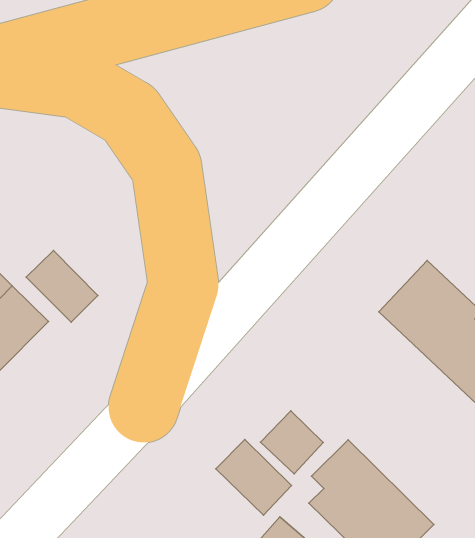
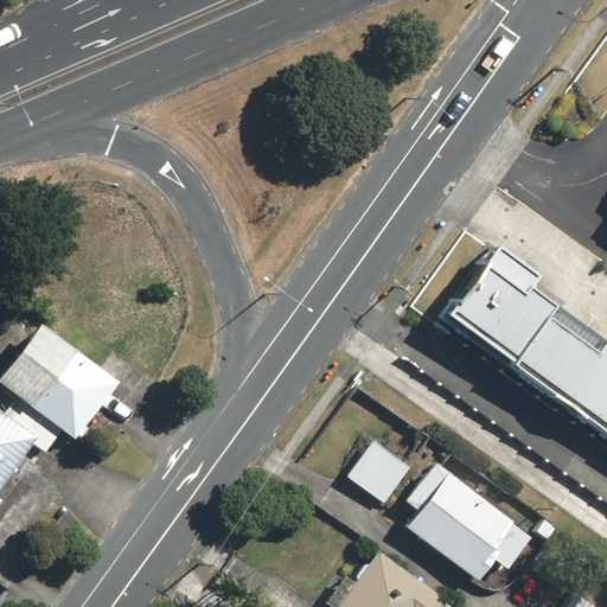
building: [26,250,98,322] -> none
building: [216,440,292,515] -> none

